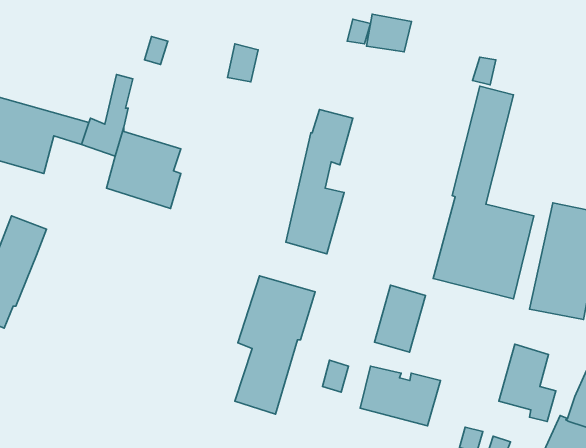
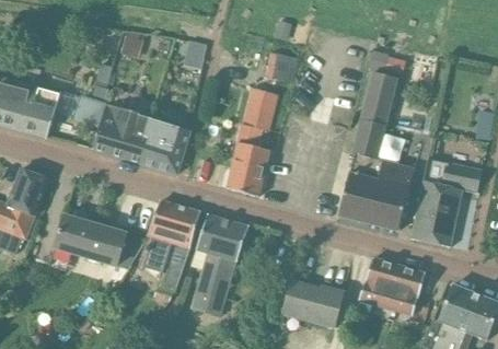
building: [366,14,412,52] -> [266,53,300,81]
building: none -> [141,118,190,174]
building: none -> [140,200,200,270]
building: none -> [55,216,127,265]
building: [375,285,426,352] -> [361,257,399,307]

